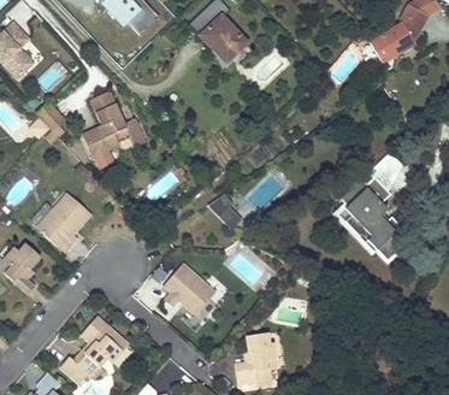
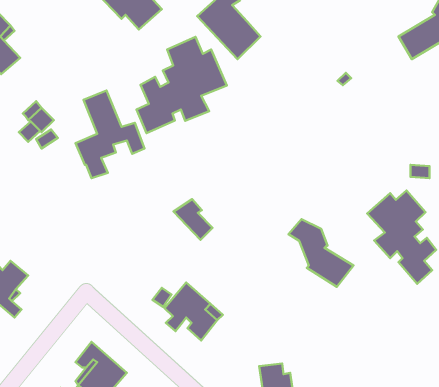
building: none -> [137,37,227,133]
building: [207,193,242,229] -> [173,199,213,240]
building: [39,194,93,253] -> none
building: none -> [289,219,354,287]

